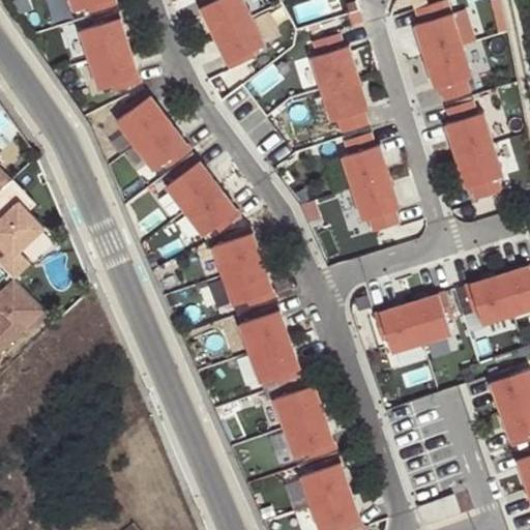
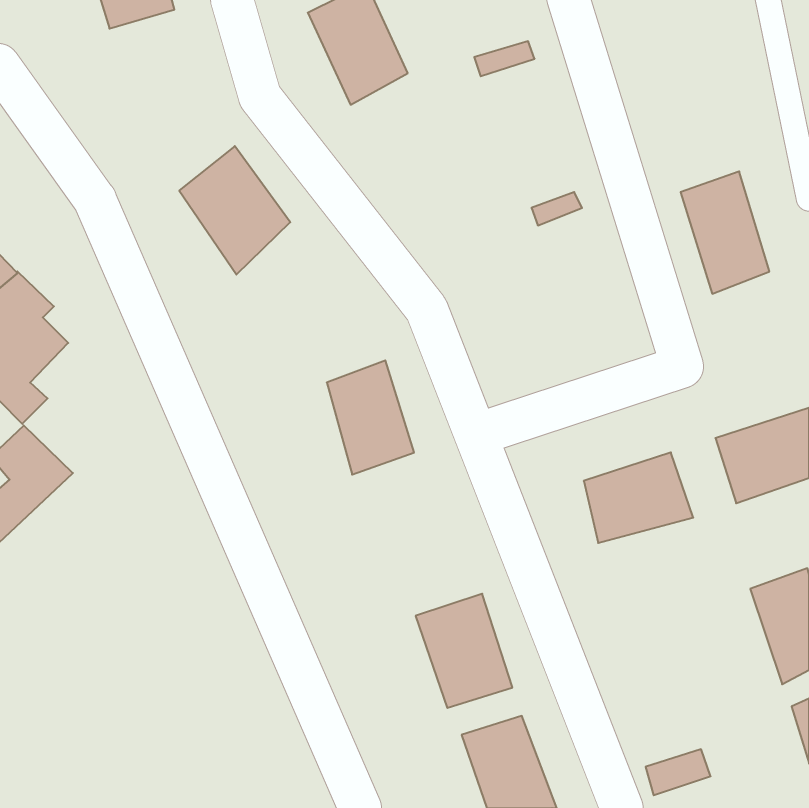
building: [412,13,476,99] -> none
building: [79,20,139,95] -> none
building: [313,50,372,129] -> none
building: [342,149,400,220] -> none
building: [166,161,236,238] -> none
building: [240,313,301,388] -> none

